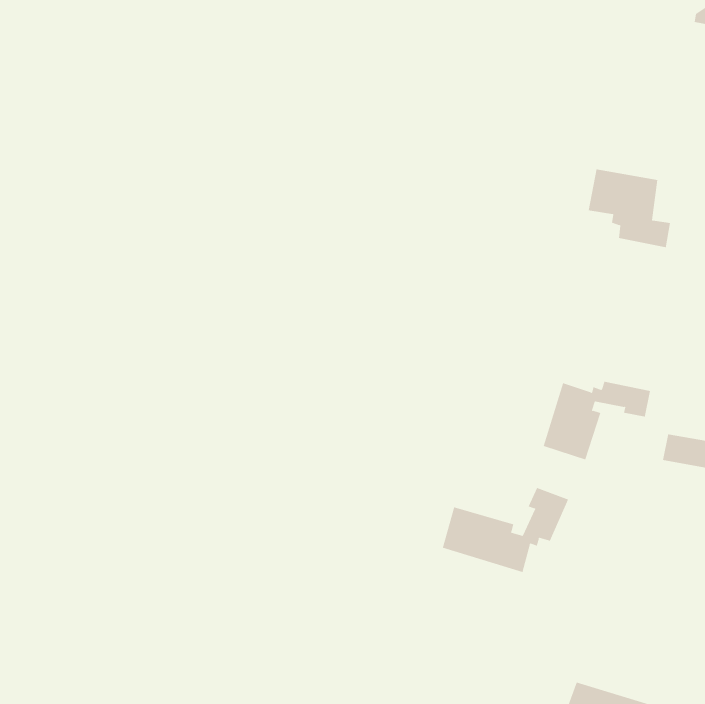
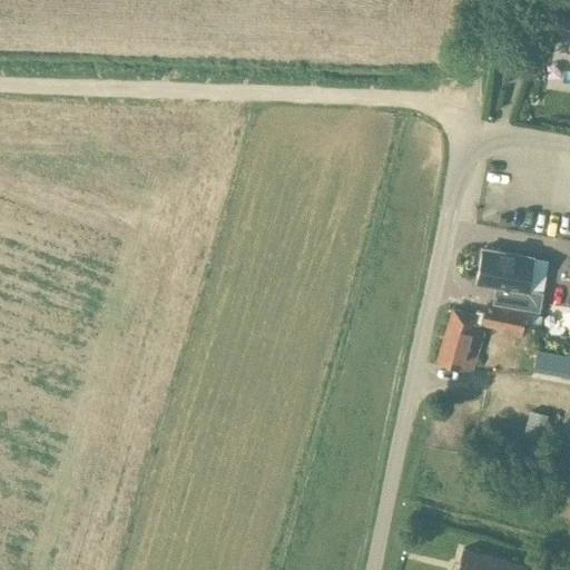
building: [588,169,671,248] -> [478,250,544,314]
building: [442,487,569,573] -> none

